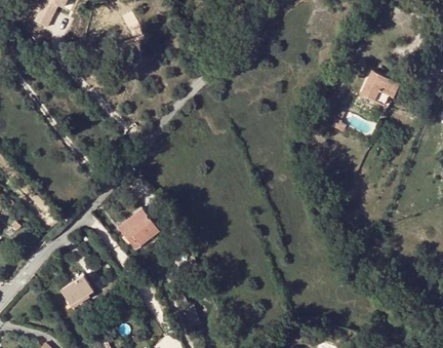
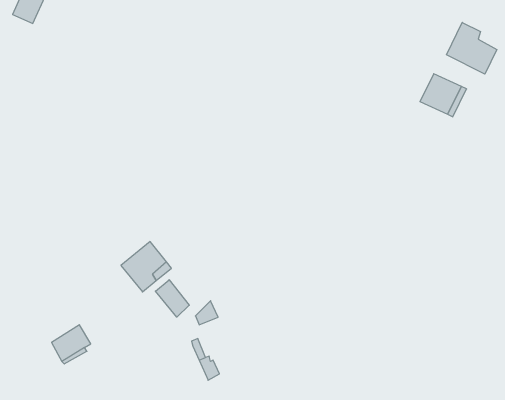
building: none -> [446,22,497,74]
building: none -> [155,280,189,317]

